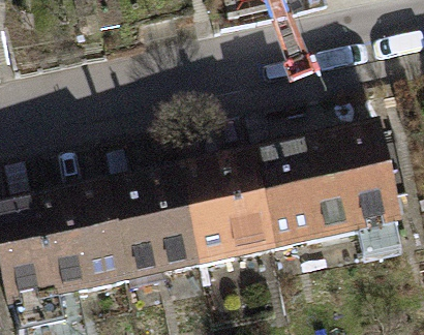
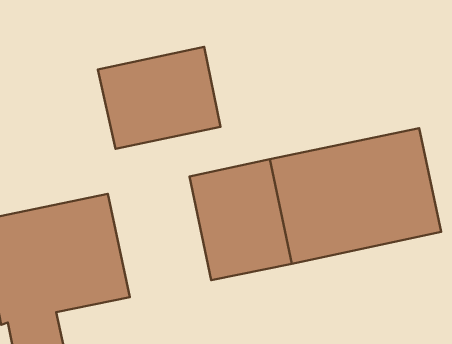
building: none -> [98,47,221,149]
building: [105,175,199,283] -> none

